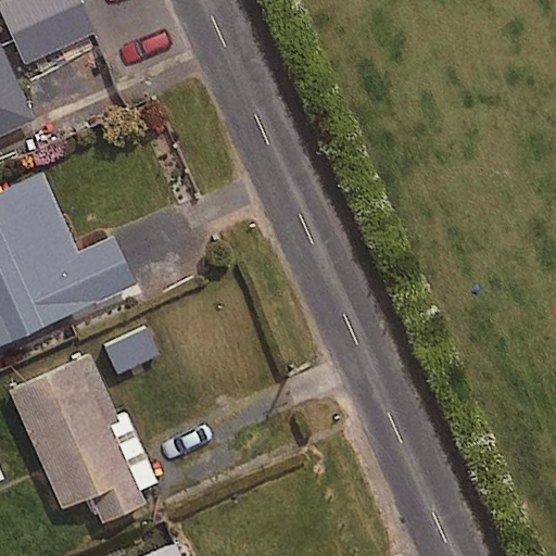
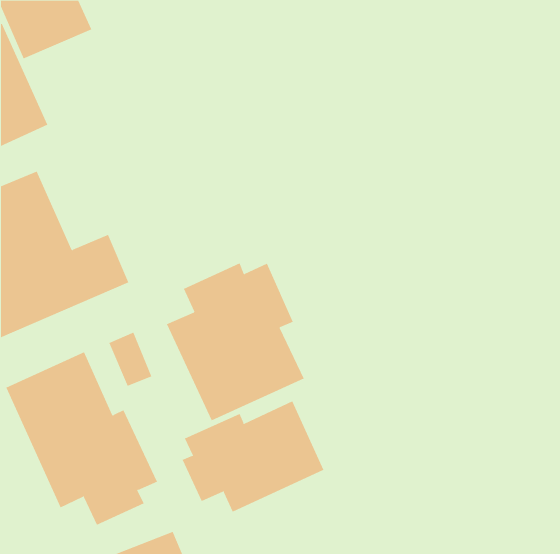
building: none -> [166,262,304,421]
building: none -> [182,401,324,513]

